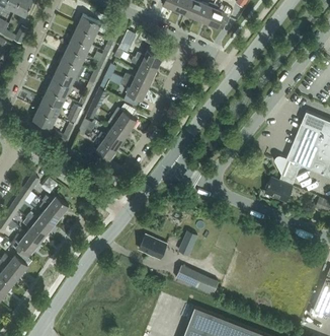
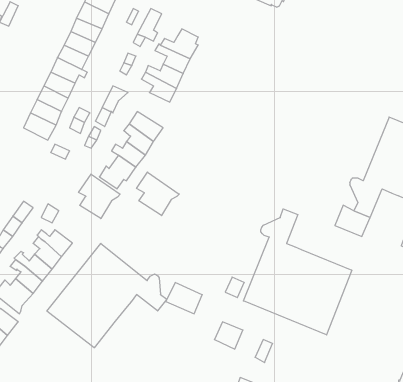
building: none -> [137,172,179,216]
building: none -> [79,174,120,219]
building: none -> [243,209,352,335]
building: none -> [47,243,167,348]

